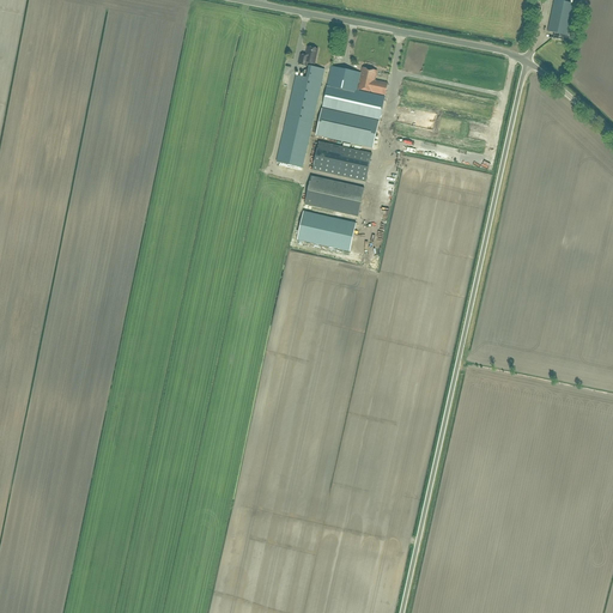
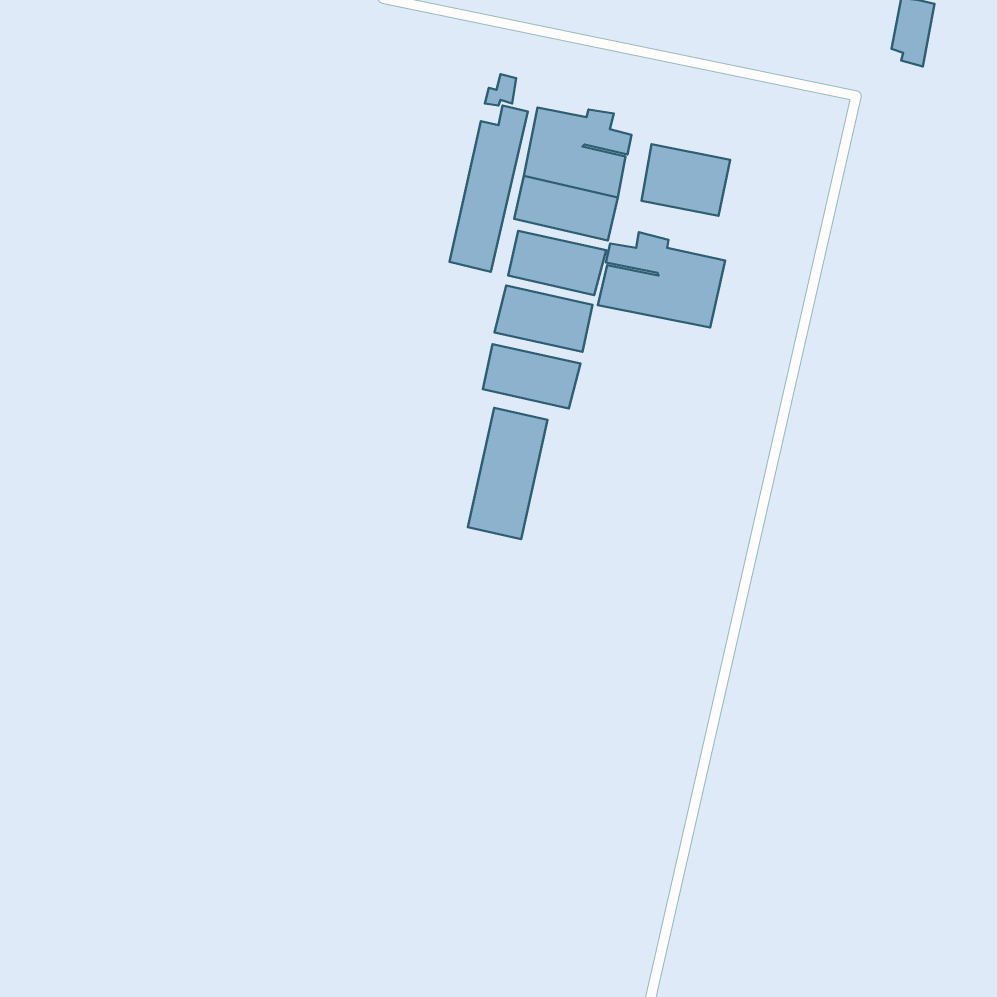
building: none -> [641,144,730,216]
building: none -> [598,232,725,327]
building: none -> [468,408,548,539]

